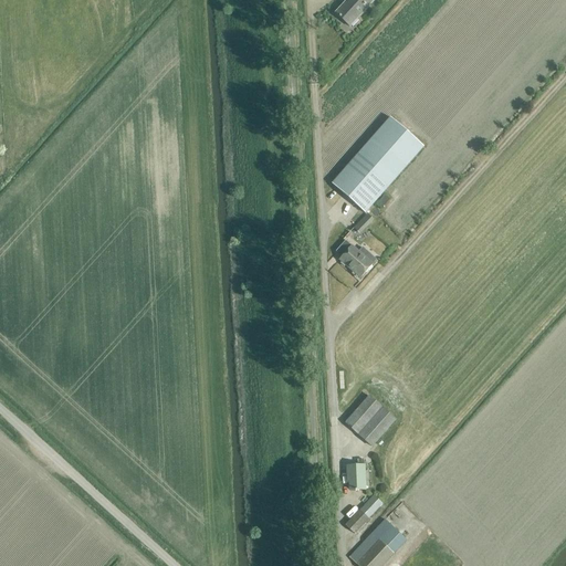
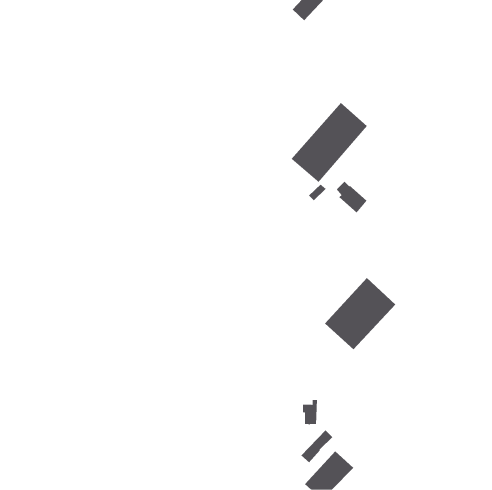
building: [336,239,373,276] -> [336,181,367,214]
building: none -> [324,277,396,350]
building: [345,394,396,444] -> none

